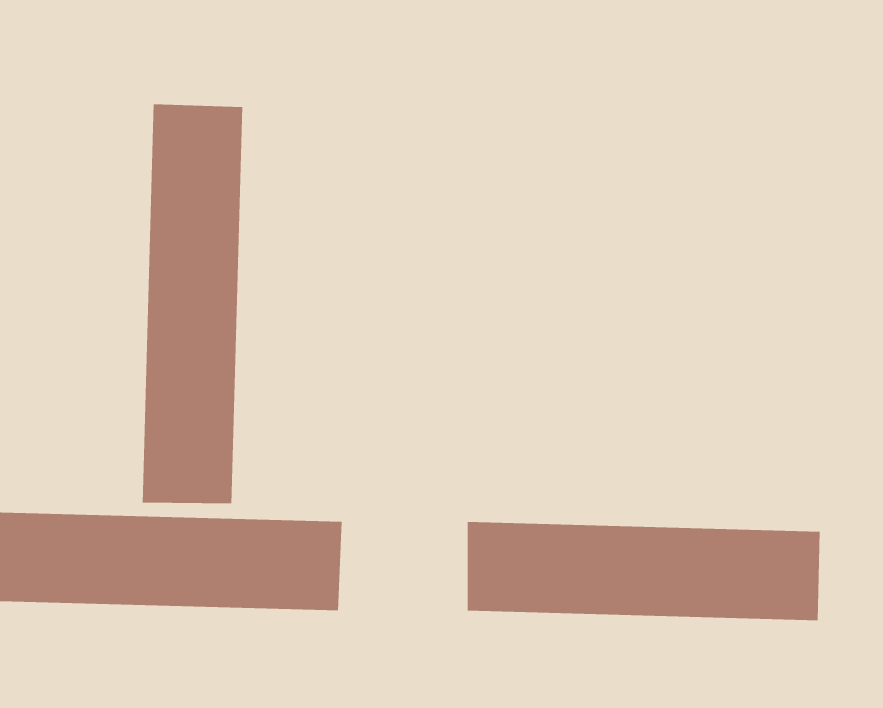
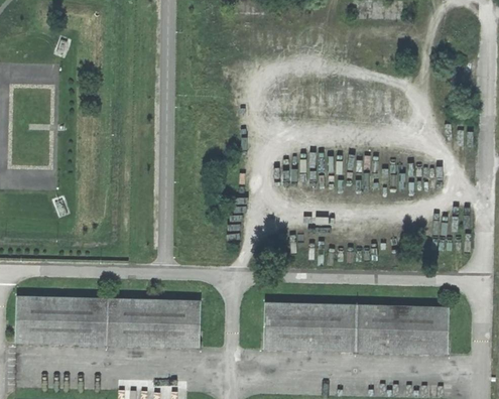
building: [142,103,243,504] -> none

